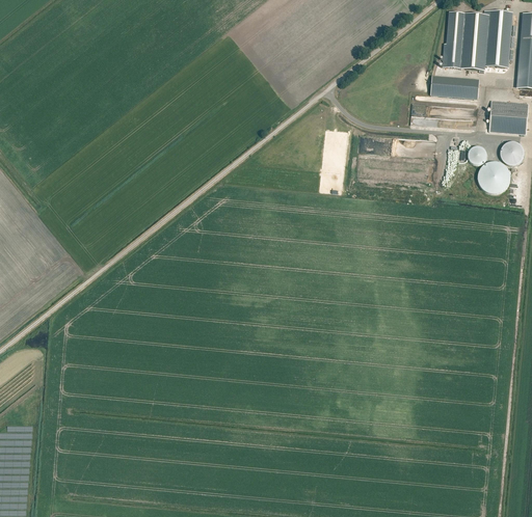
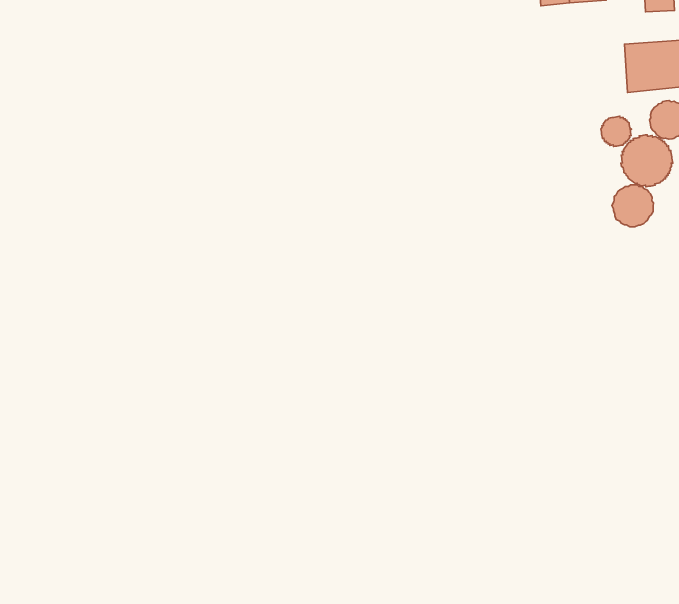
building: [430,76,479,99] -> none
building: none -> [612,185,654,227]

